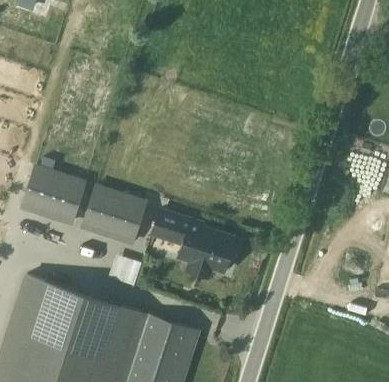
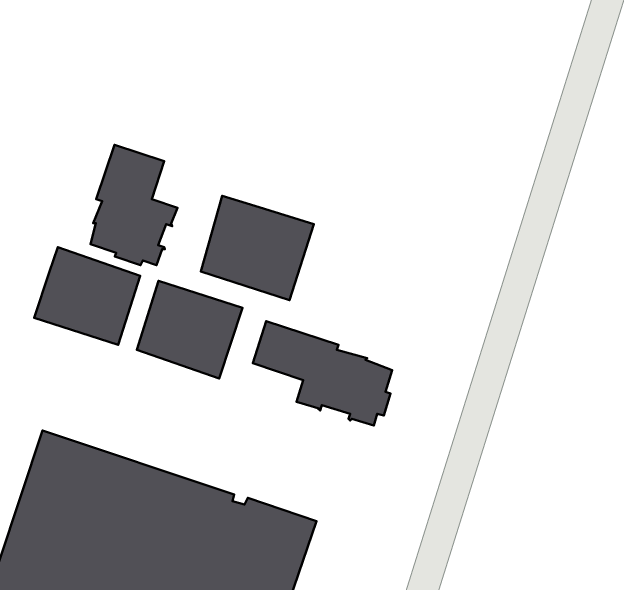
building: none -> [90,145,177,265]
building: none -> [201,196,314,300]

